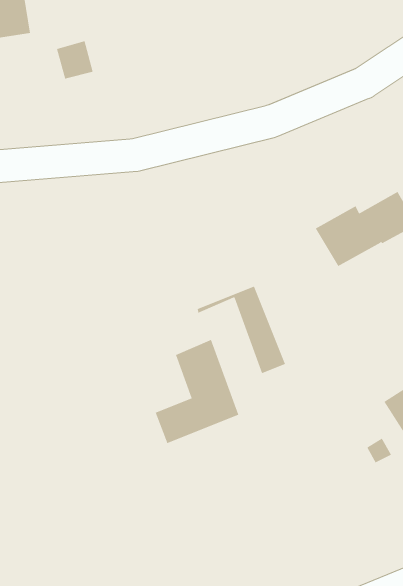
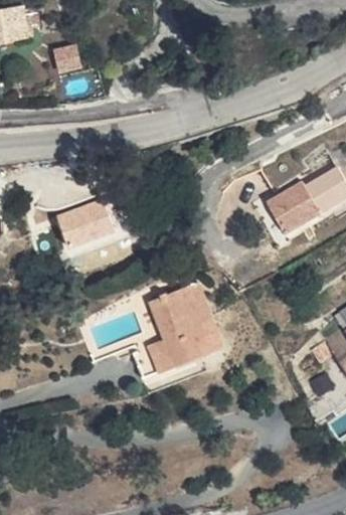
building: none -> [57,200,112,247]
building: [197,286,286,374] -> [149,282,223,355]

